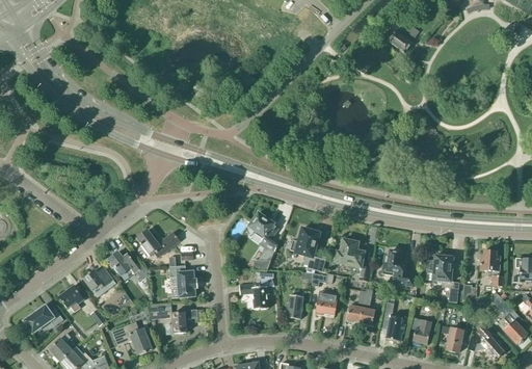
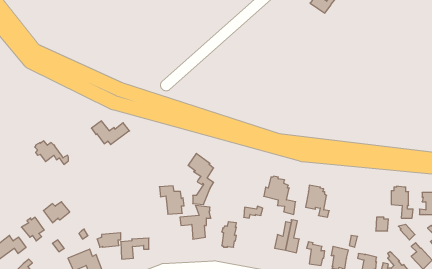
building: [290,228,328,271] -> none
building: [136,230,180,257] -> [91,121,130,145]
building: [108,252,147,279] -> [35,141,68,164]
building: [426,255,459,302] -> none
building: [169,265,197,297] -> [159,186,184,214]
building: [315,290,338,315] -> none

